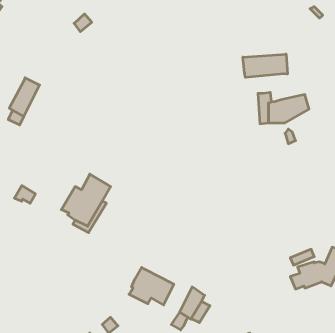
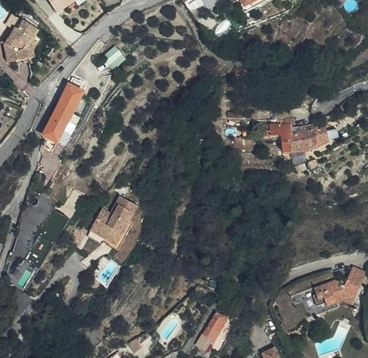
building: none -> [58,76,87,112]
building: [243,54,287,77] -> none
building: [129,267,174,305] -> none

